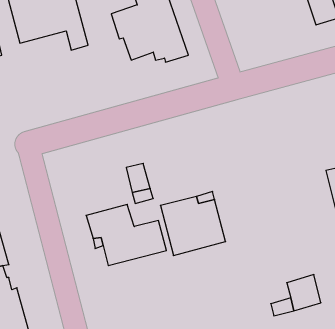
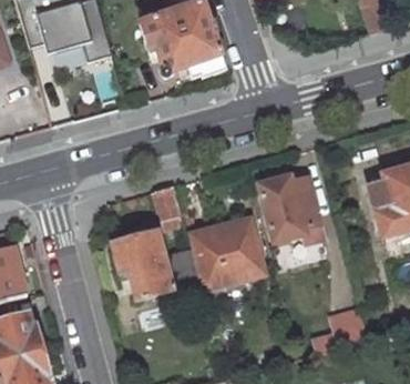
building: none -> [263,180,325,246]

